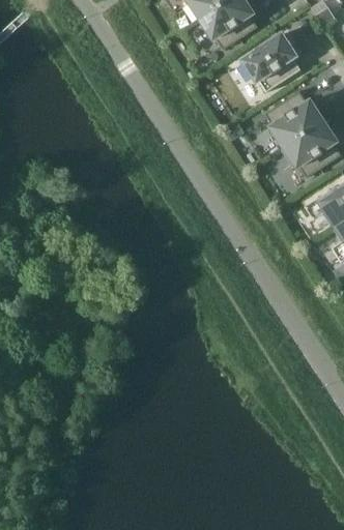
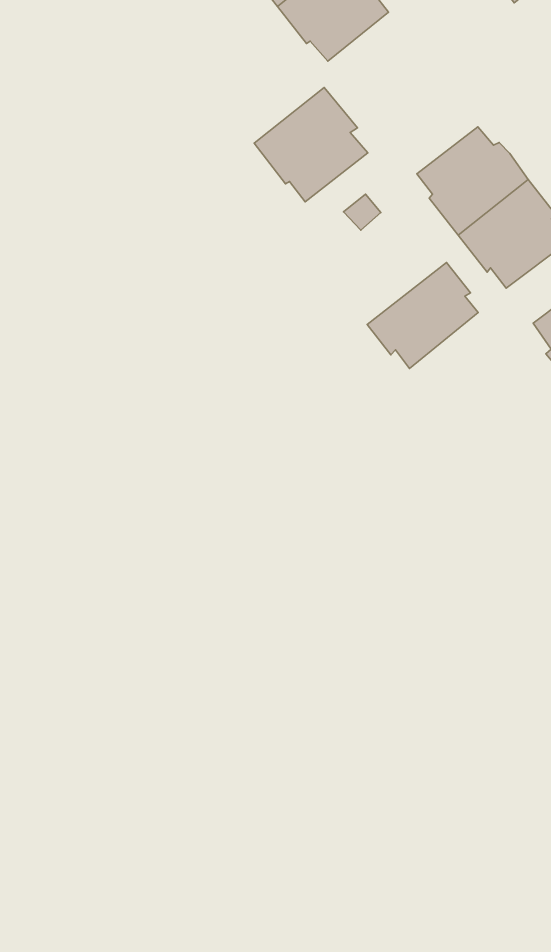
building: [241,31,300,90] -> [254,88,368,202]
building: none -> [367,263,478,368]

